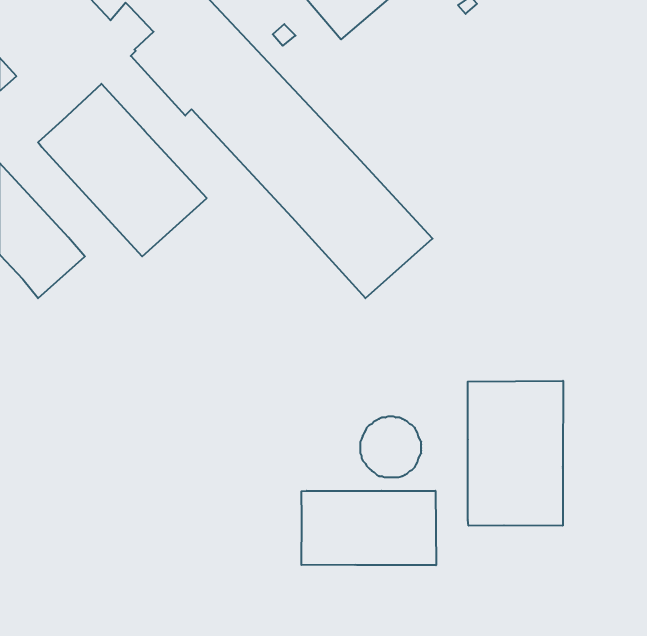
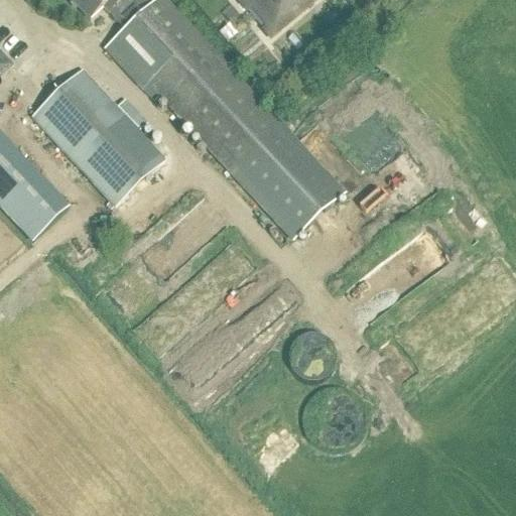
building: [468,381,563,526] -> none
building: [301,491,436,565] -> none

